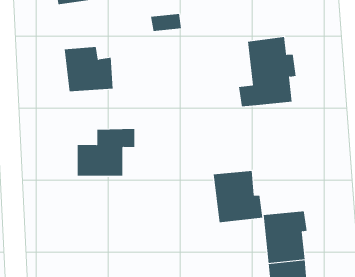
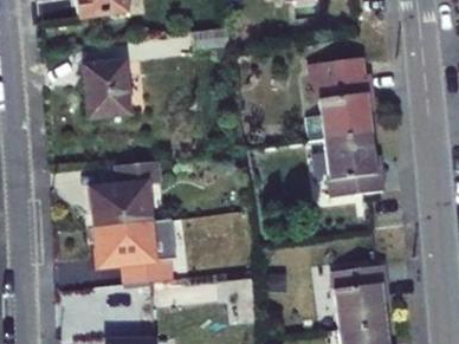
building: [213,170,263,223] -> [315,131,375,194]
building: none -> [104,220,176,281]

